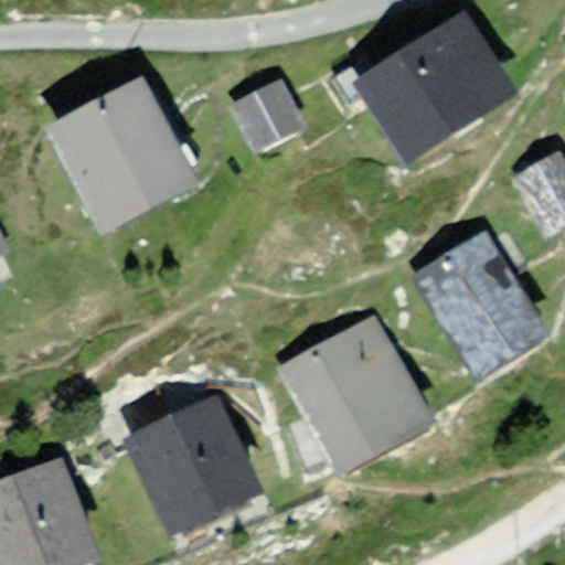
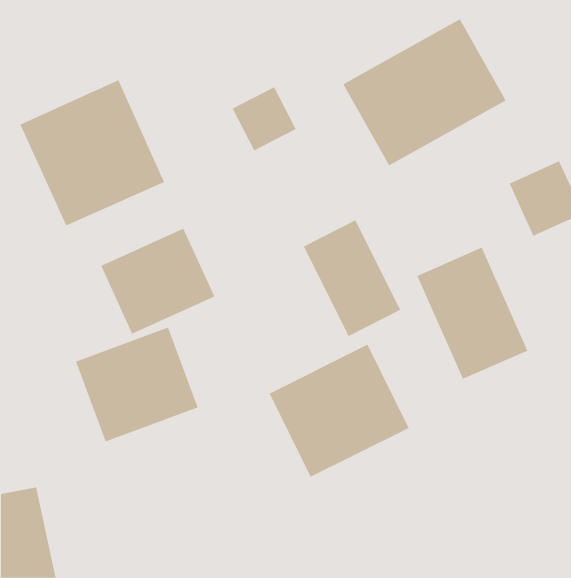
building: none -> [303,220,401,337]
building: none -> [100,228,215,335]
building: [129,415,247,525] -> [75,327,199,442]

